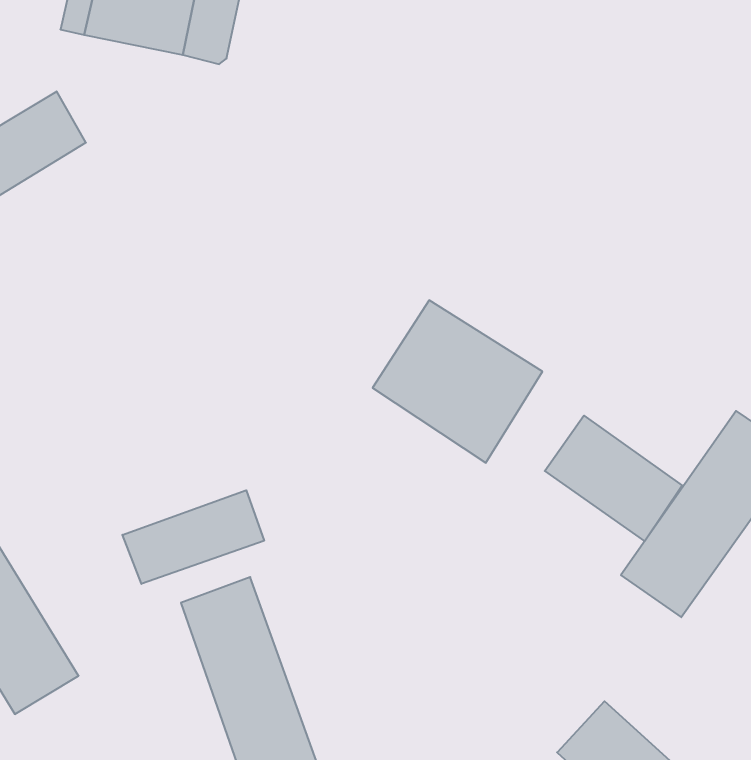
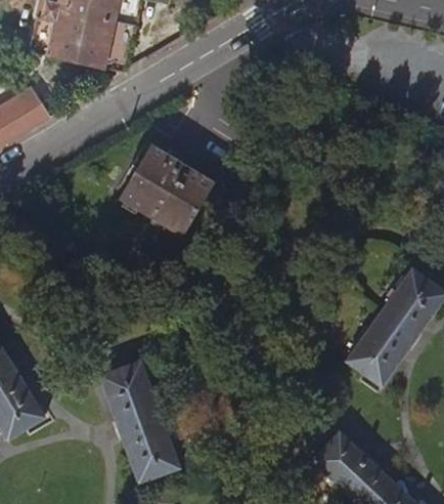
building: [373,300,542,463] -> [120,145,215,237]
building: [545,416,682,541] -> none
building: [122,490,264,584] -> none

